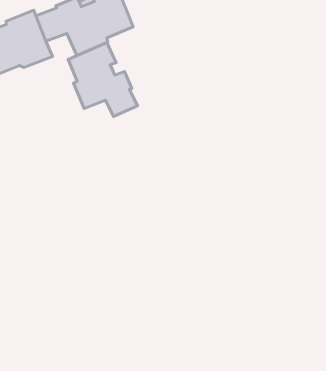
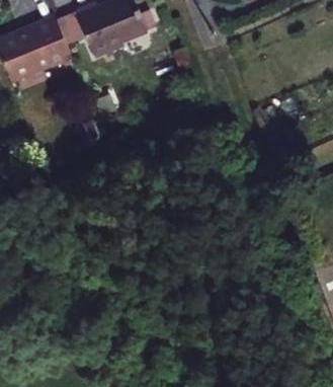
building: [68,43,138,116] -> none

